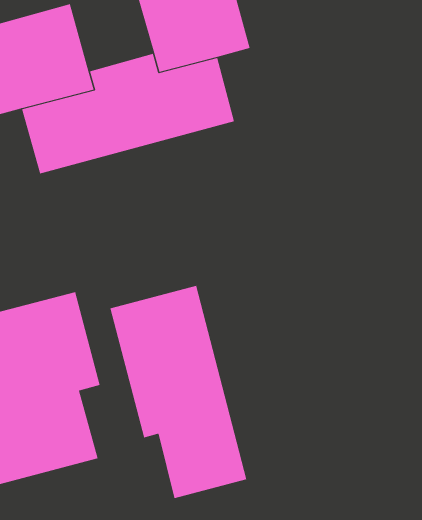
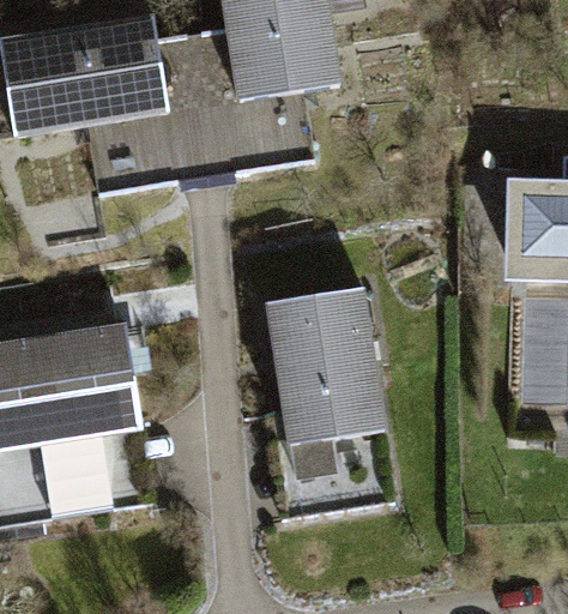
building: [109,285,247,499] -> [266,283,393,508]

